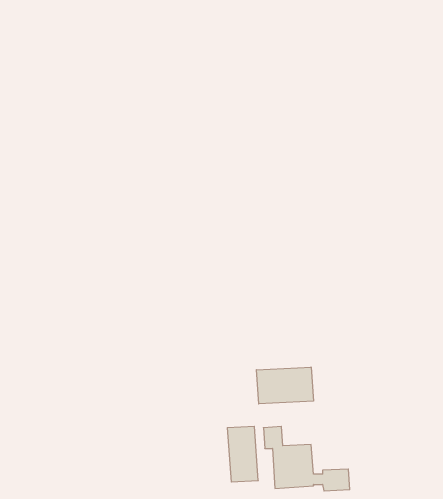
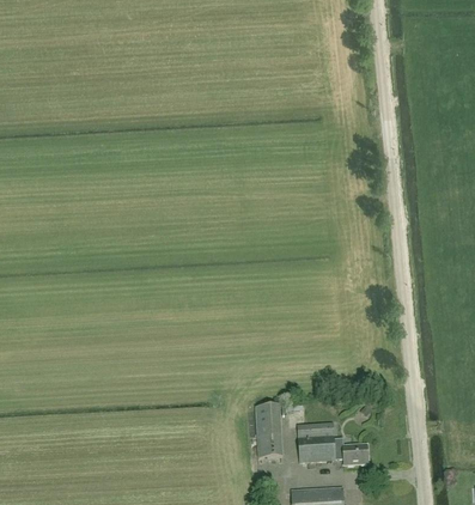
building: [256,367,313,404] -> none

